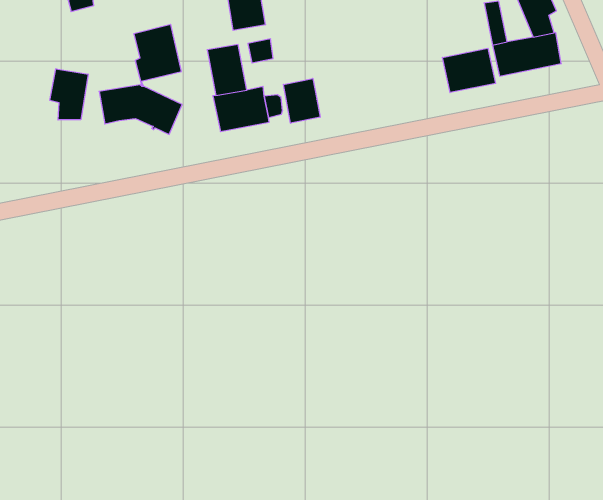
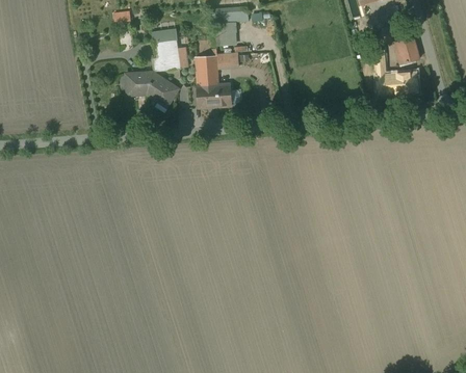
building: [442,48,496,93] -> none
building: [50,69,88,120] -> none
building: [283,78,320,123] -> none

